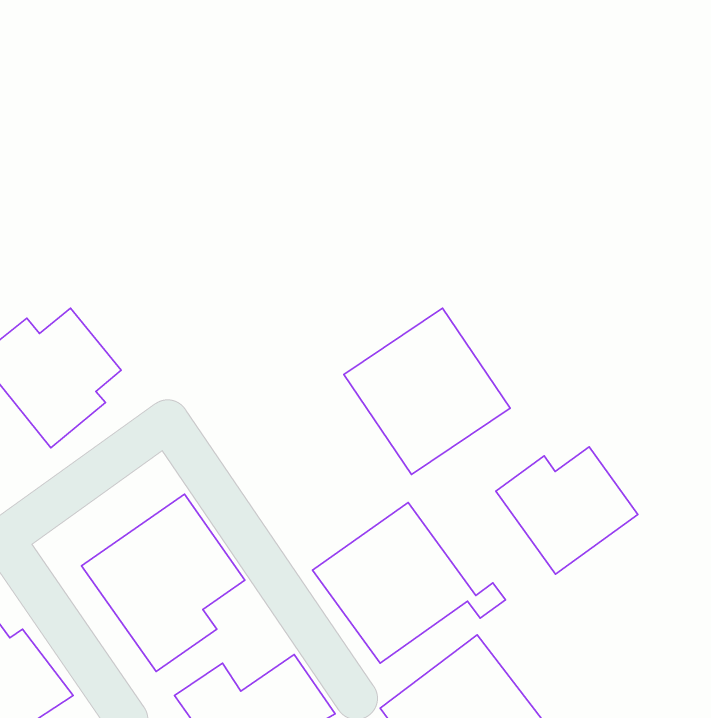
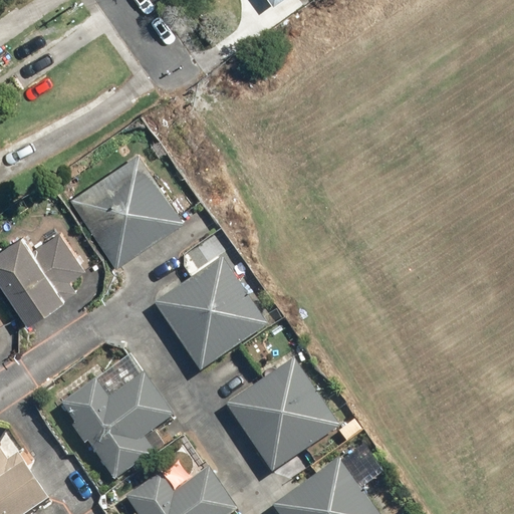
building: none -> [64,147,184,268]
building: [344,308,510,474] -> [151,254,269,372]
building: [496,447,638,574] -> none

